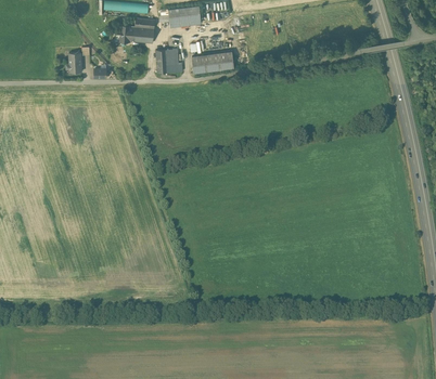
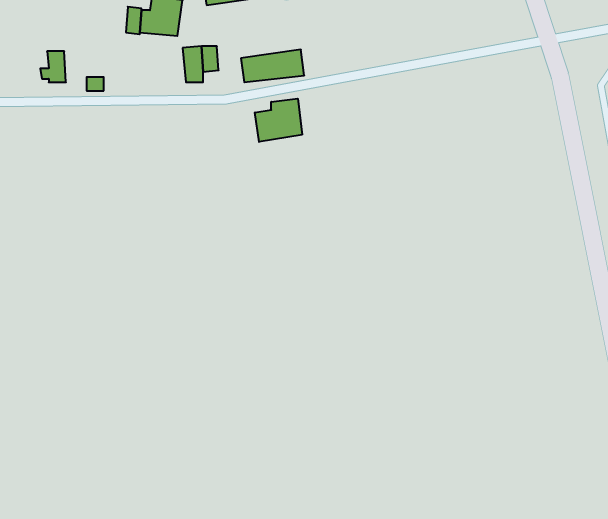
building: none -> [255,99,302,142]

